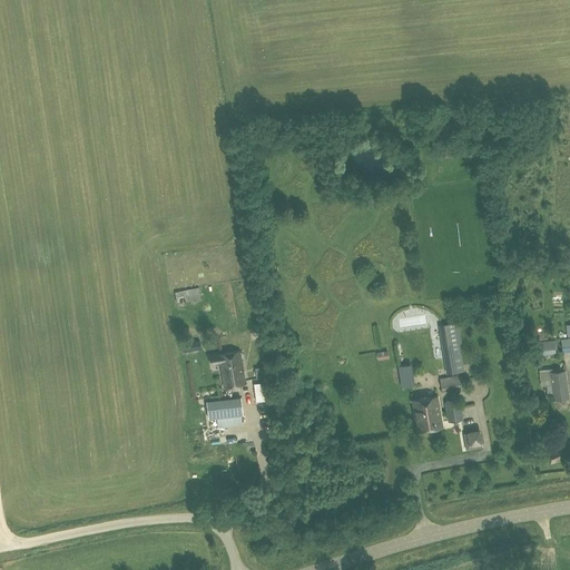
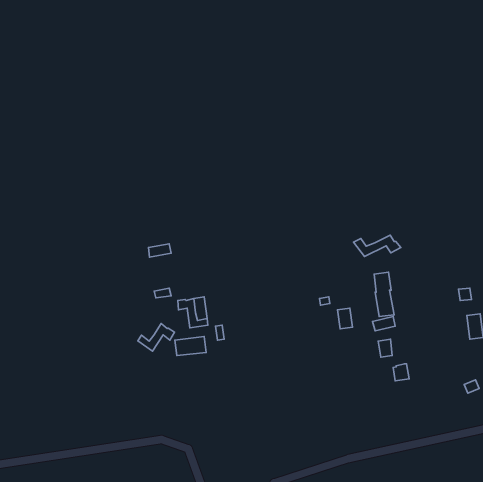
building: none -> [353,235,401,256]
building: none -> [138,324,175,351]
building: [412,396,442,432] -> none

